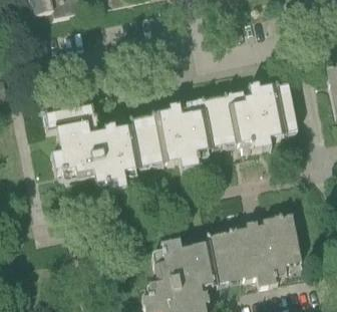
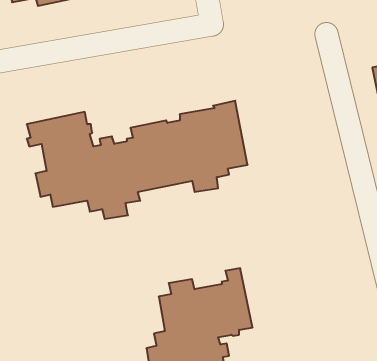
building: [214,83,297,151] -> none
building: [218,215,301,287] -> none

